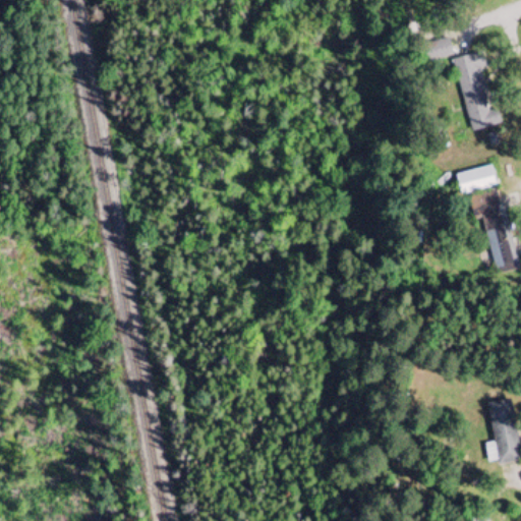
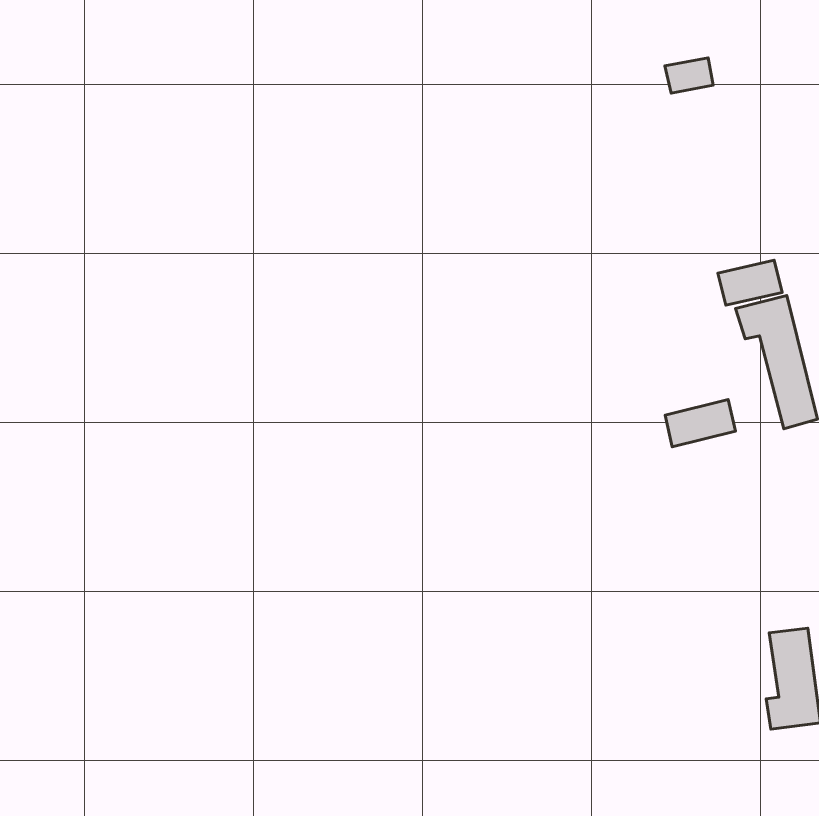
building: [454,52,502,130] -> none
building: none -> [665,399,735,447]

